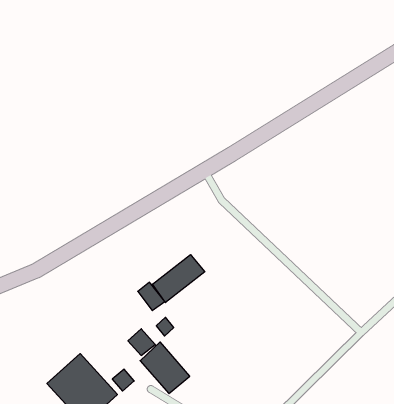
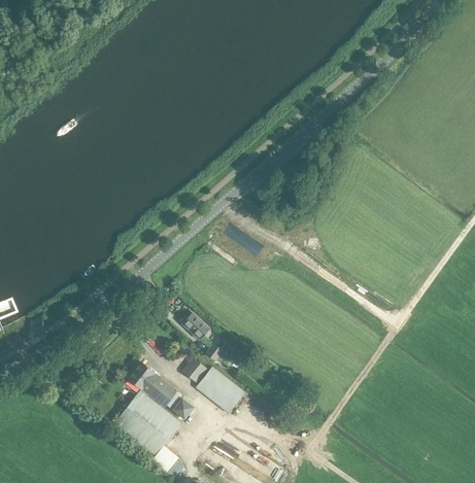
building: [152,255,205,303] -> none
building: none -> [127,361,176,407]

